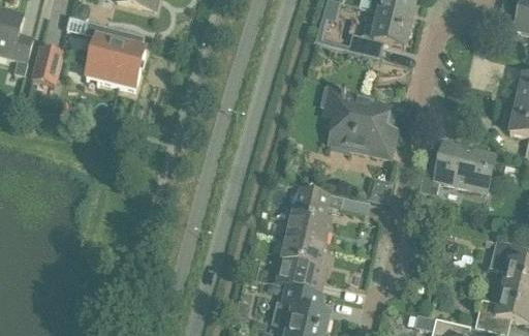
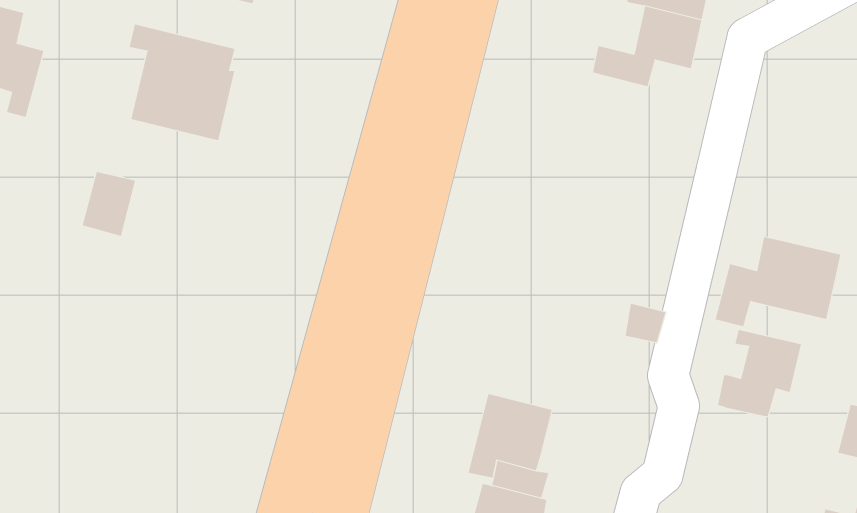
building: [32,47,63,84] -> [82,171,136,236]
building: [323,88,396,157] -> none
building: [288,187,342,242] -> none
building: none -> [718,329,801,417]

